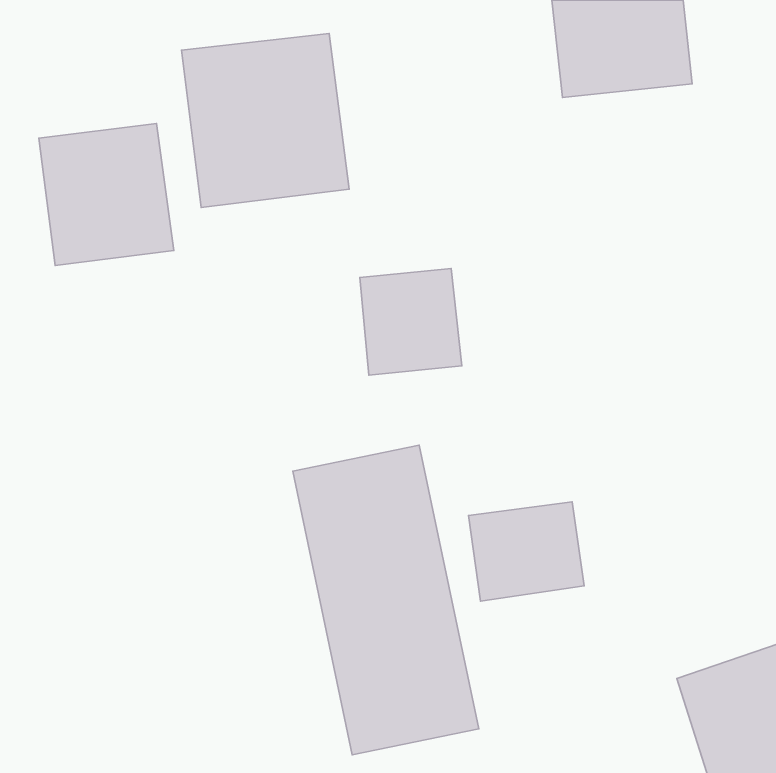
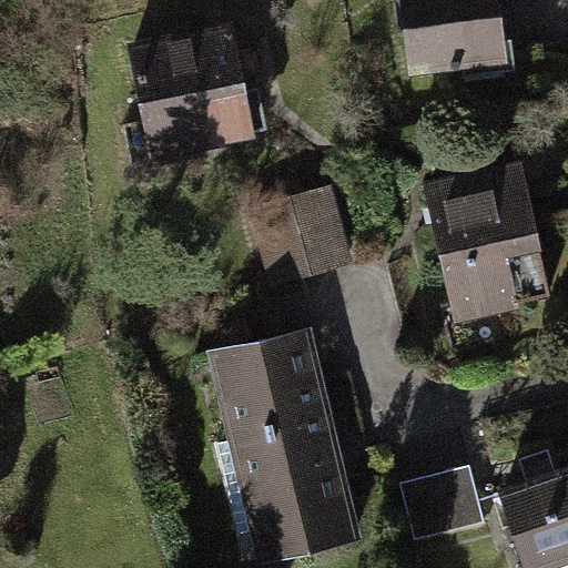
building: [39,123,174,266] -> none
building: none -> [426,173,545,321]
building: [468,502,584,601] -> [407,470,491,542]

